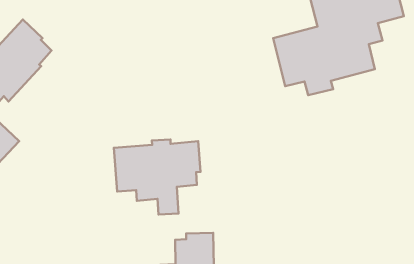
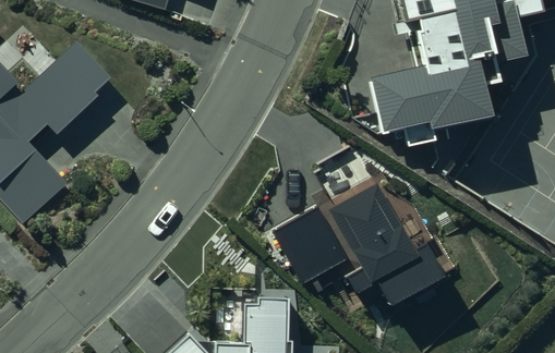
building: none -> [282,174,448,300]
building: [114,140,201,215] -> none

